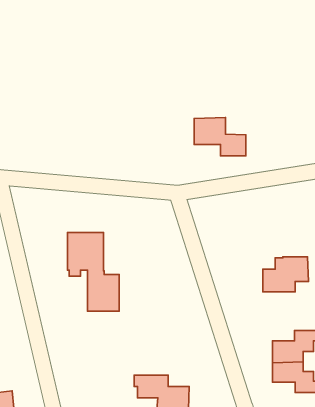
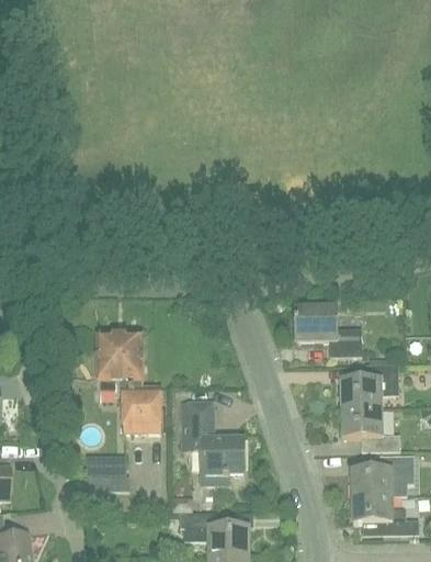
building: [194,117,246,156] -> [296,305,361,353]
building: none -> [182,401,242,482]
building: none -> [341,406,399,449]

